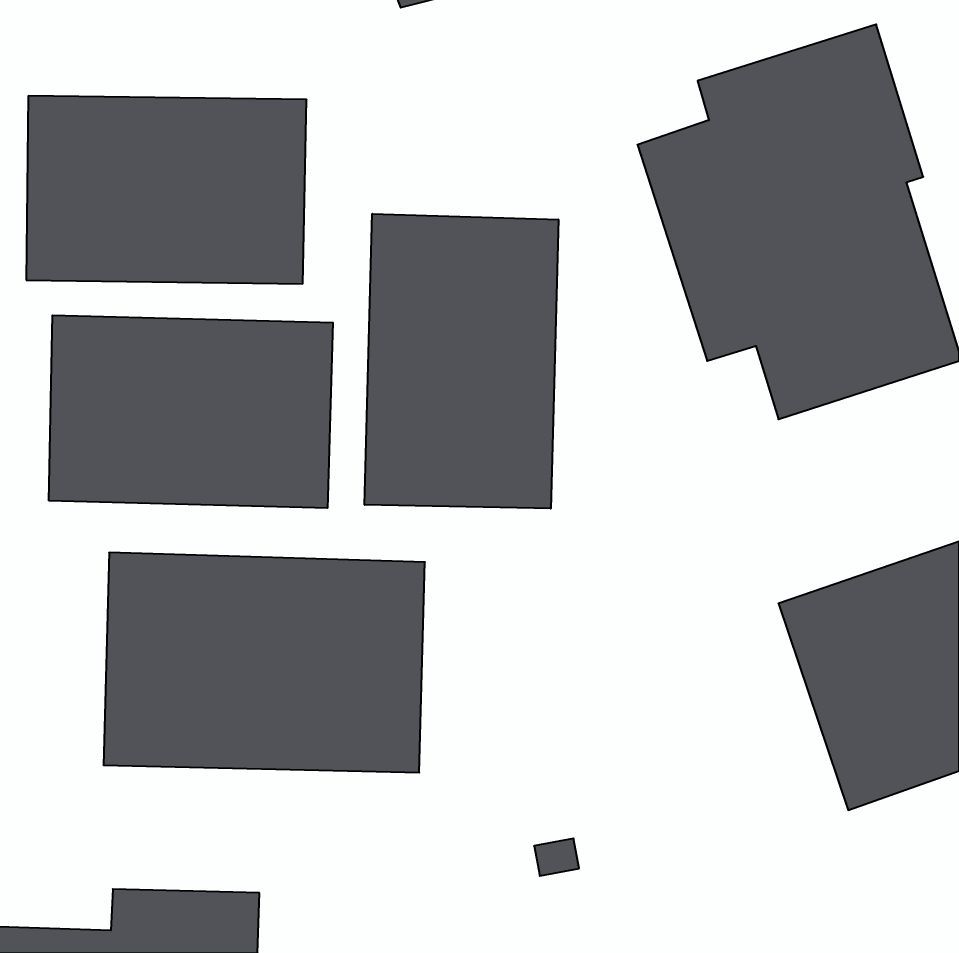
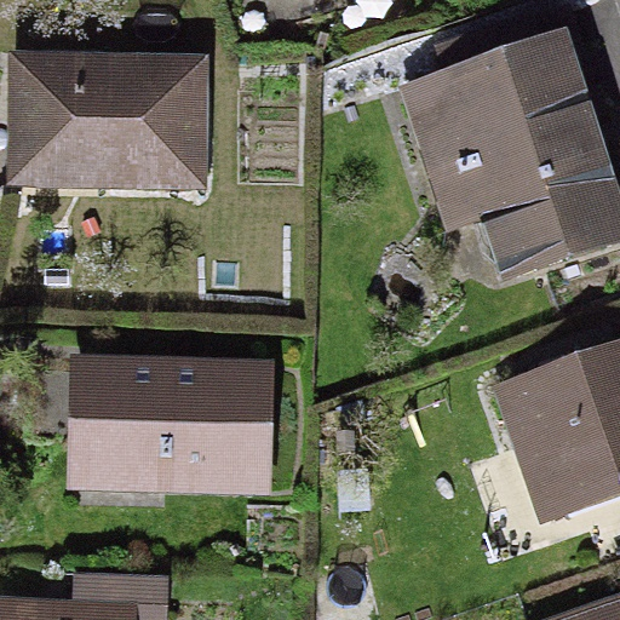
building: [365,214,558,509] -> none
building: [49,315,333,508] -> none

